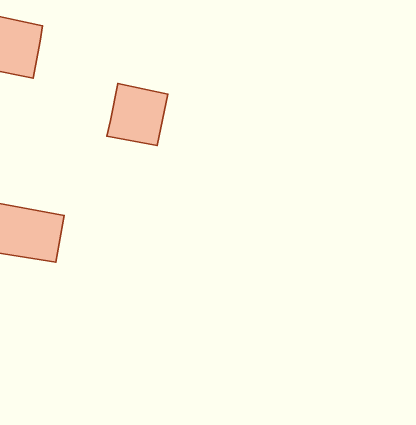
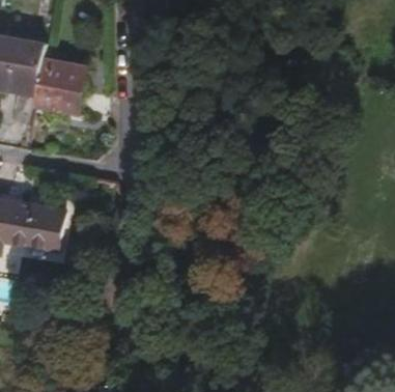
building: [107,84,168,146] -> [34,58,87,112]

